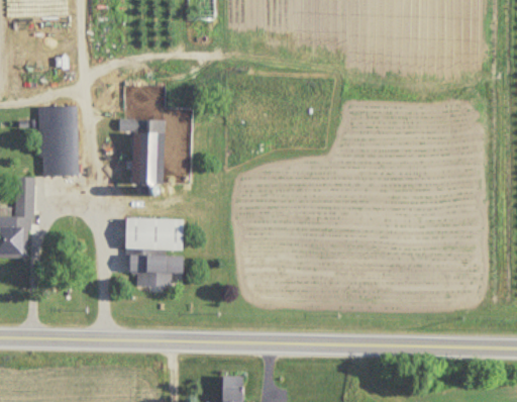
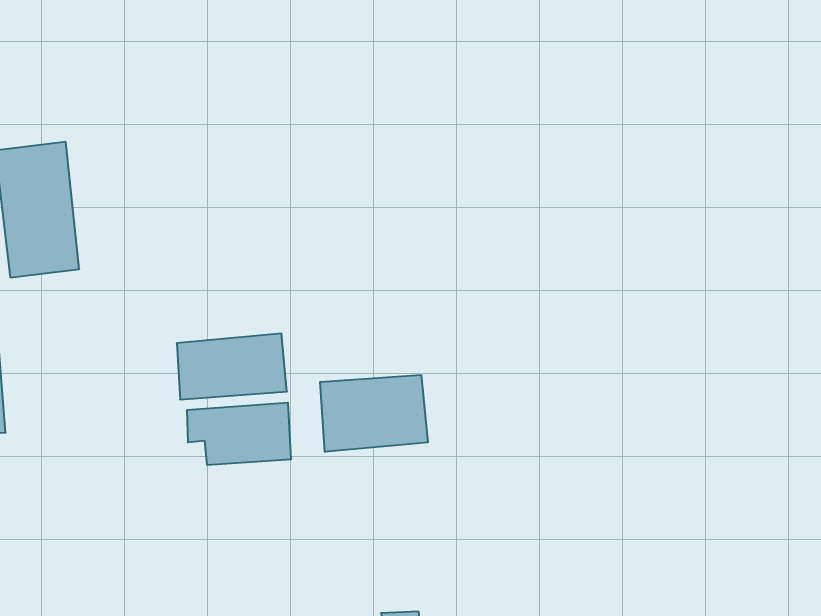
building: [119,119,164,185] -> none
building: none -> [320,375,428,452]

